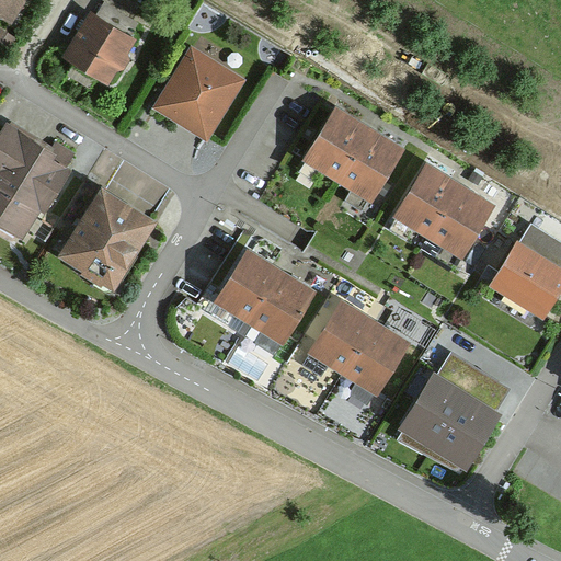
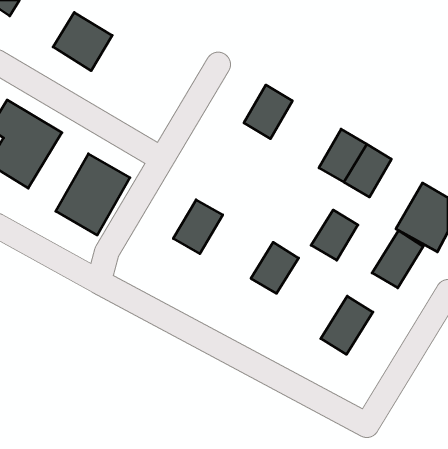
building: [159,53,248,144] -> none
building: [335,128,396,194] -> none
building: [248,270,309,337] -> none
building: [343,323,401,386] -> [311,210,358,260]
building: [430,390,493,461] -> [372,230,423,288]

